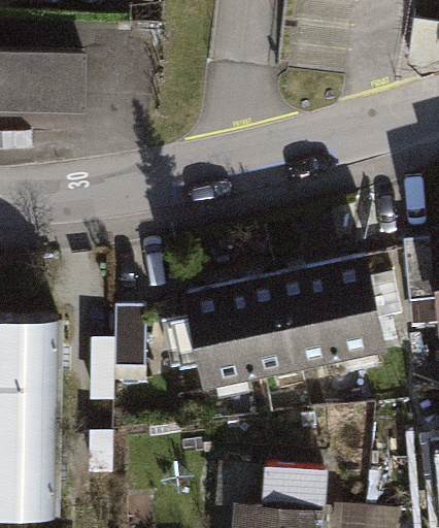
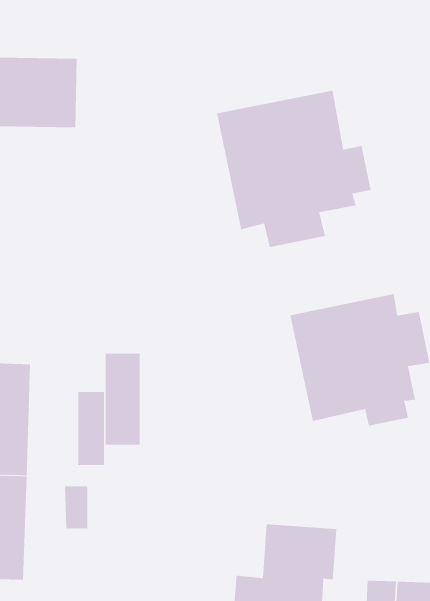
building: none -> [217,90,371,248]
building: [181,277,310,418] -> none

